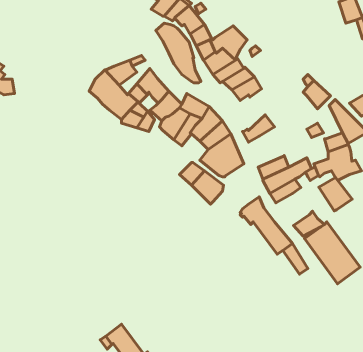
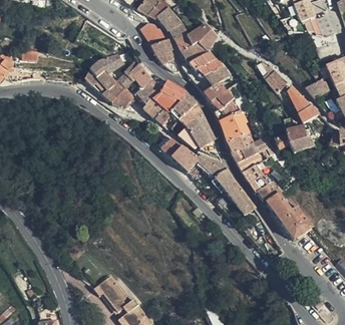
building: none -> [203,81,234,111]
building: none -> [219,108,248,142]
building: [319,178,352,211] -> [242,165,270,193]
building: none -> [197,154,228,178]

